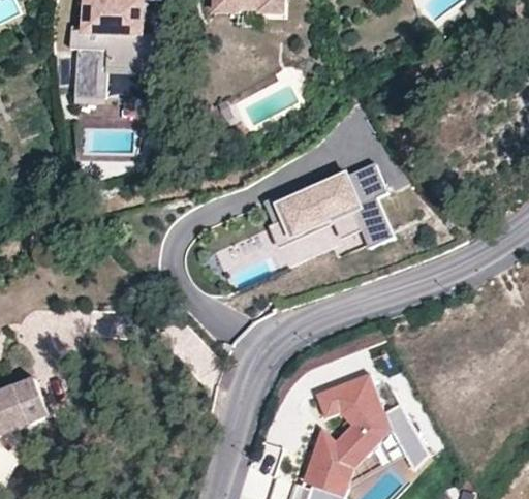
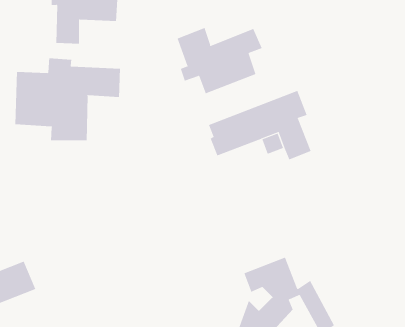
building: none -> [177,27,262,94]
building: none -> [15,58,120,141]

